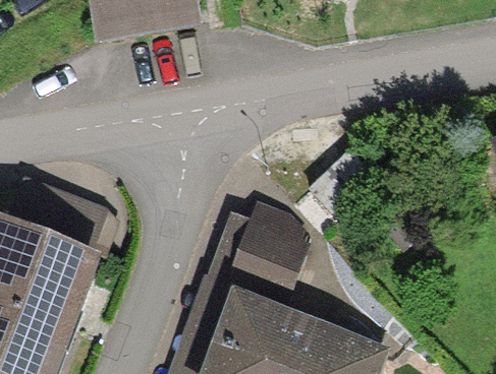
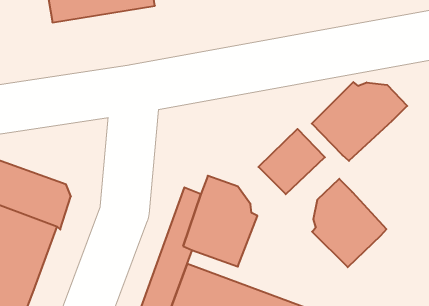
building: none -> [312,82,407,161]
building: none -> [312,179,386,267]

